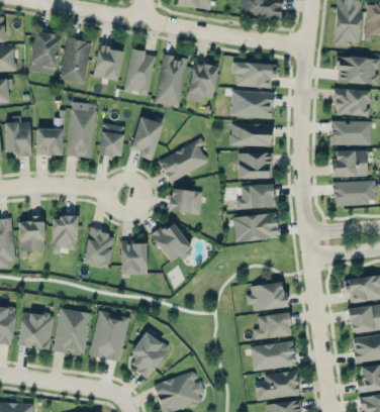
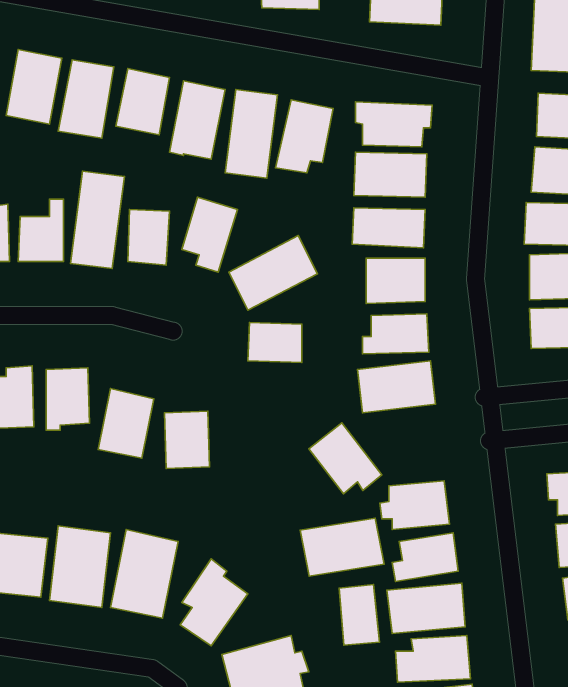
building: [152,221,194,263] -> [309,423,382,494]
building: none -> [300,518,384,576]
building: none -> [339,585,379,645]

